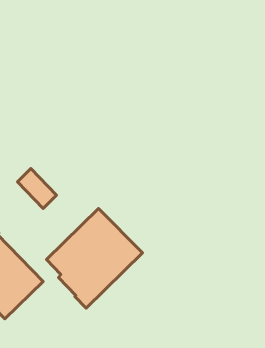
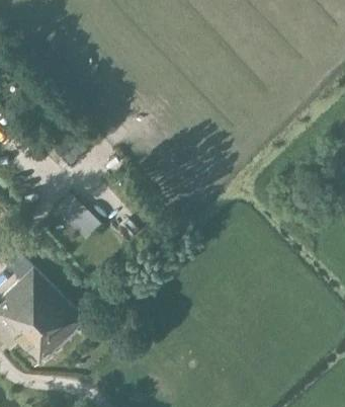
building: [47,208,142,308] -> none

